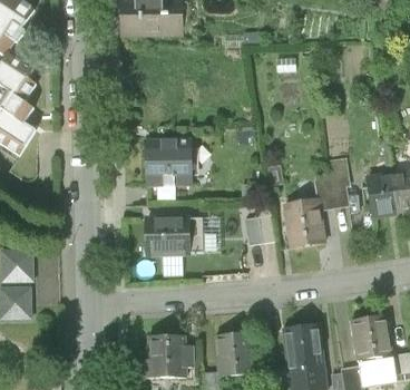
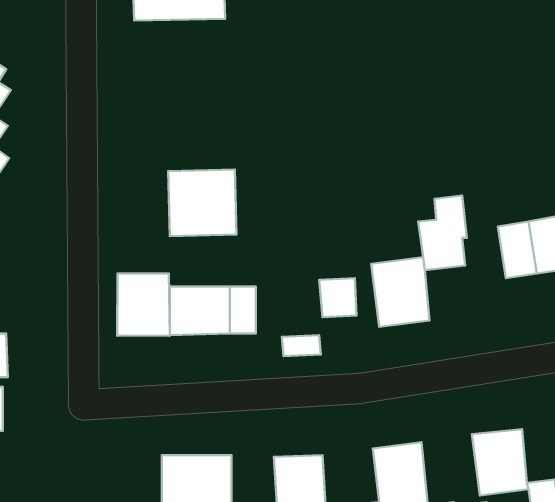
building: none -> [117,273,170,336]

